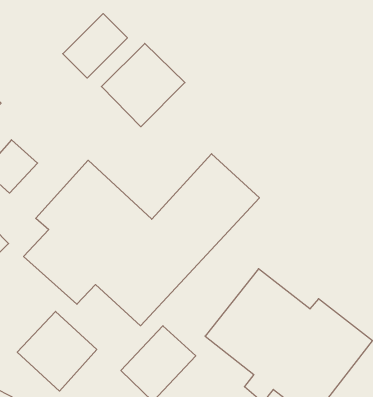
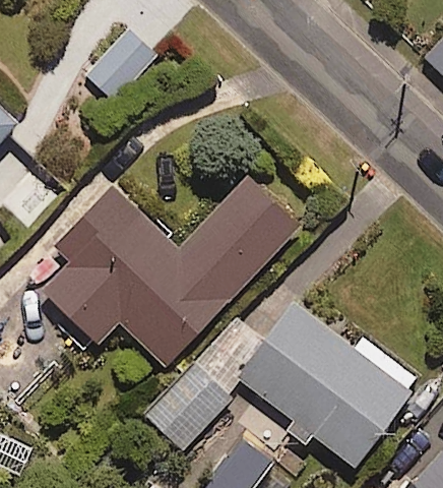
building: [101,43,185,127] -> none
building: [17,311,97,391] -> none

